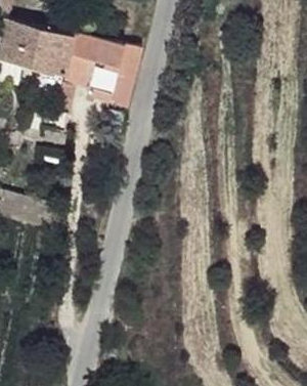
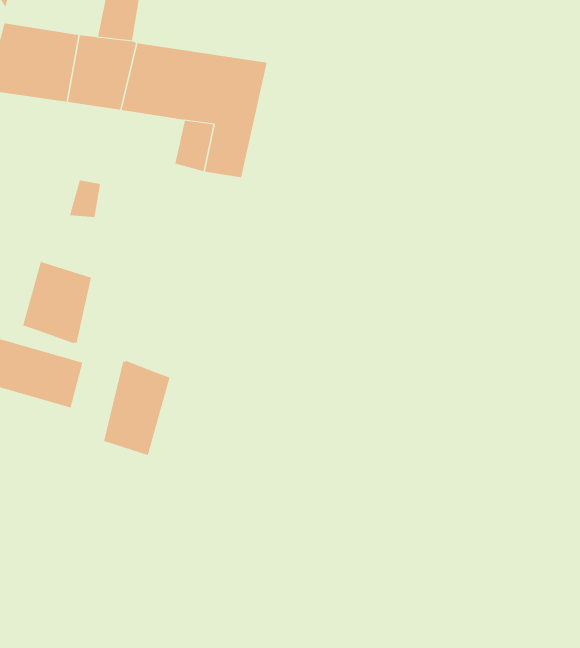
building: none -> [22,261,91,343]
building: none -> [104,361,170,456]

